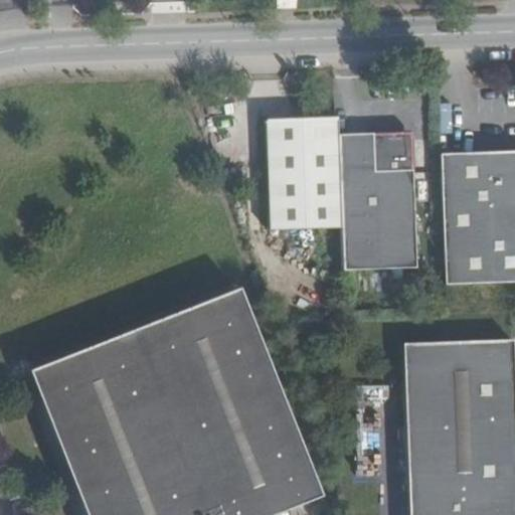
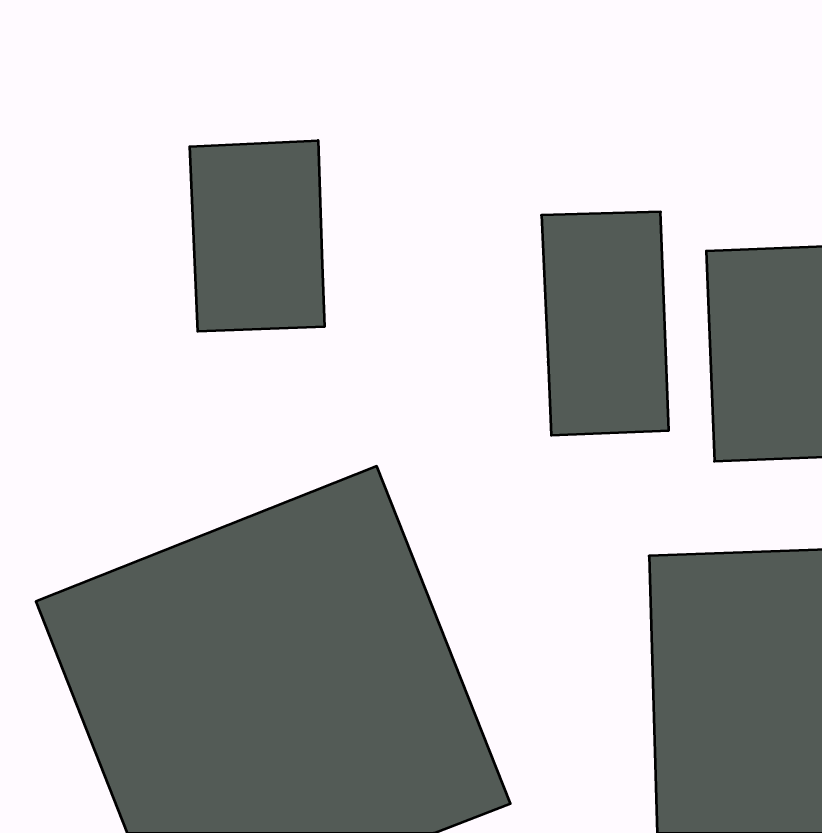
building: none -> [190,140,324,331]
building: [270,115,345,224] -> none

